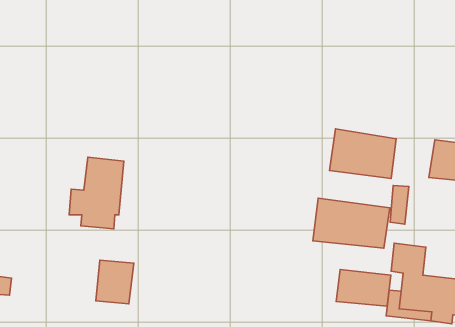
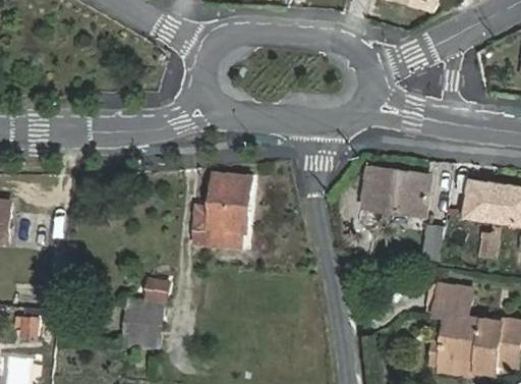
building: [69,157,124,229] -> [195,173,251,246]
building: [313,198,390,248] -> none
building: [336,269,391,306] -> none

